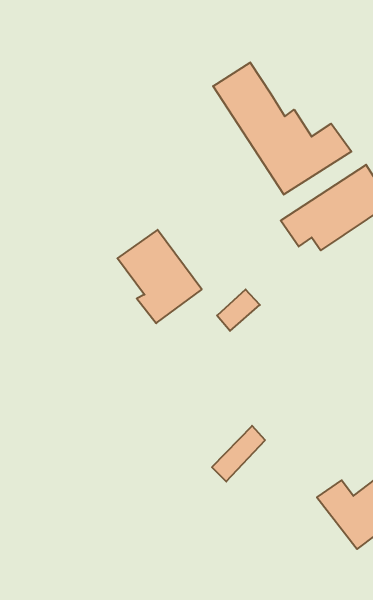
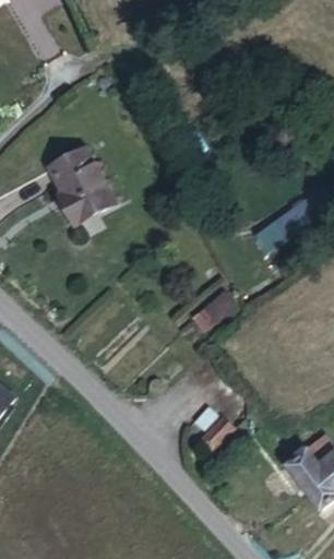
building: [213,62,351,195] -> none
building: [117,230,202,323] -> [57,146,128,225]

